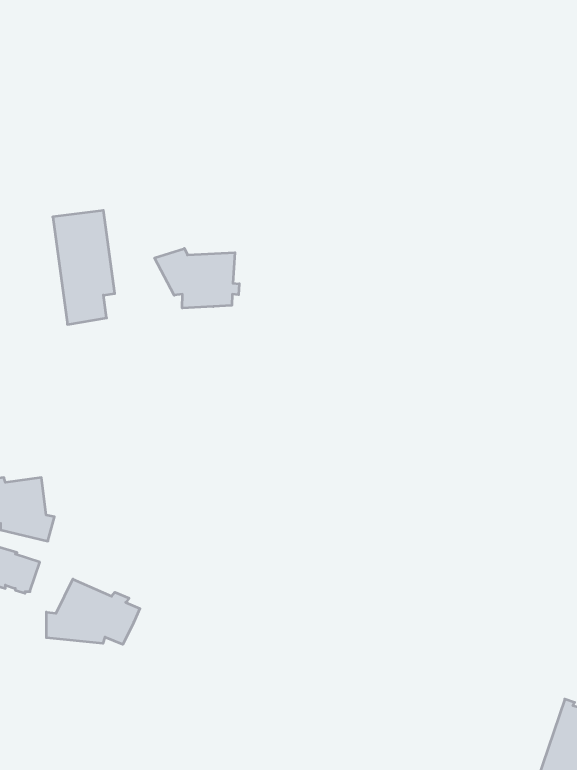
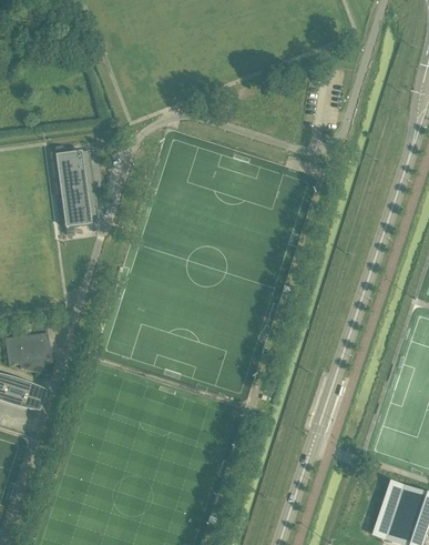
building: [155,248,239,308] -> none
building: [46,579,140,644] -> none

